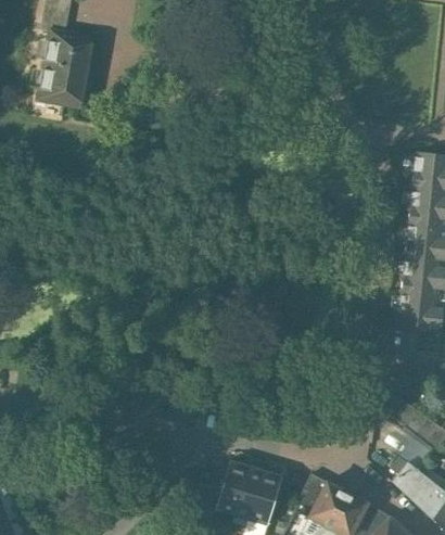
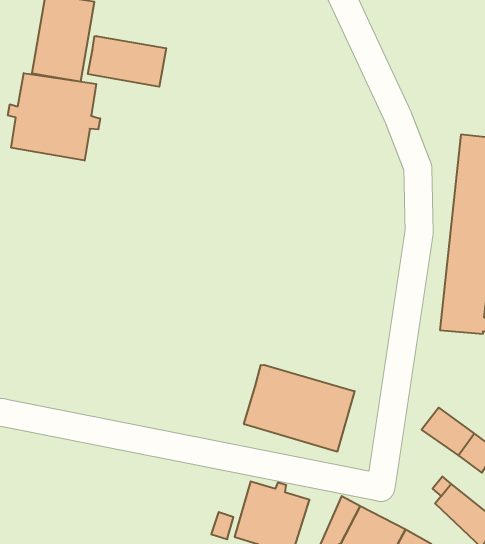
building: none -> [88,36,166,87]
building: none -> [8,73,100,161]
building: none -> [244,365,355,452]

